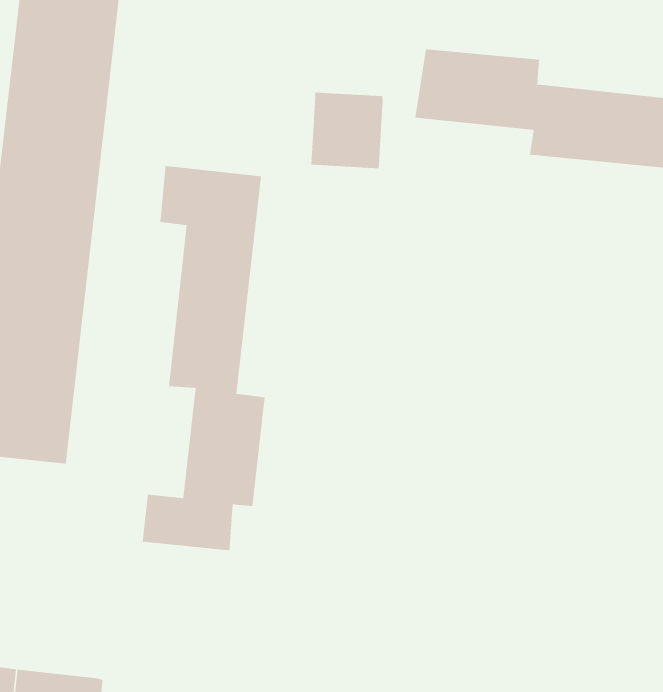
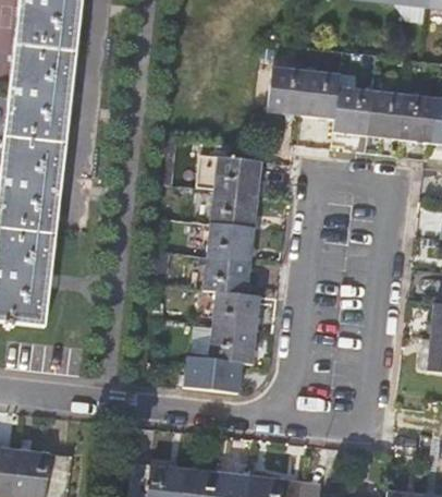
building: [311,92,383,169] -> none
building: [142,166,265,551] -> [181,151,257,389]

